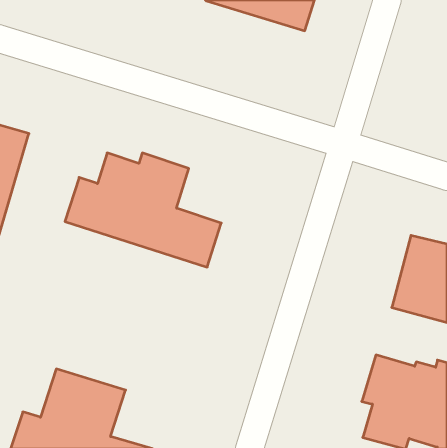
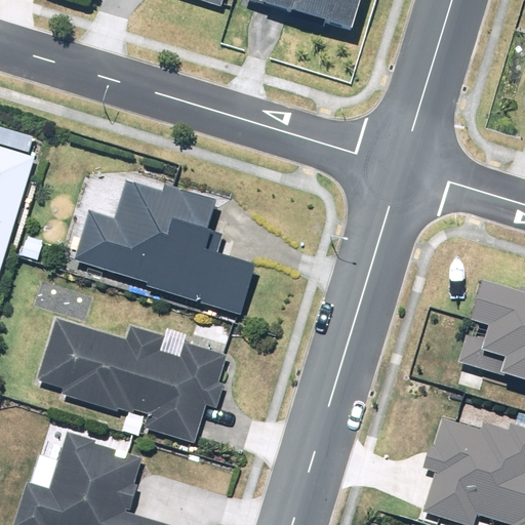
building: none -> [35,317,233,443]

